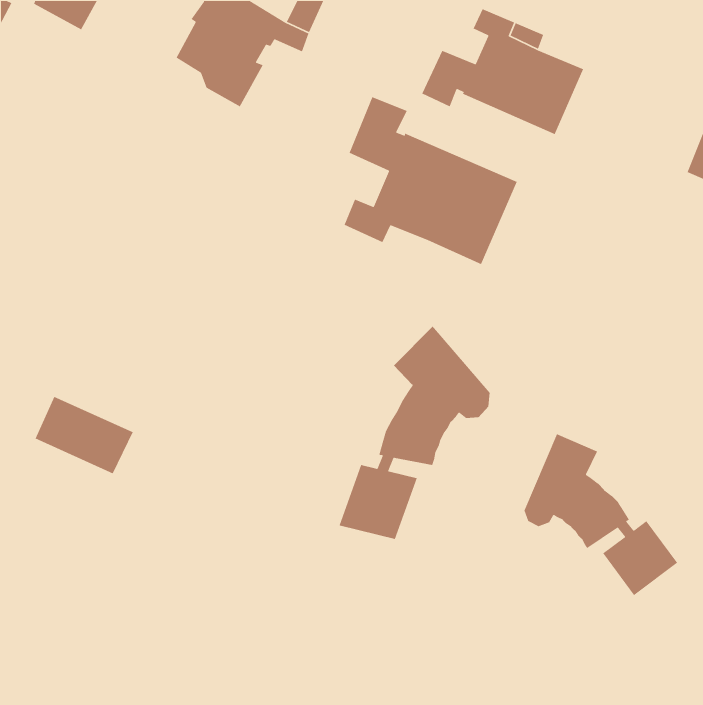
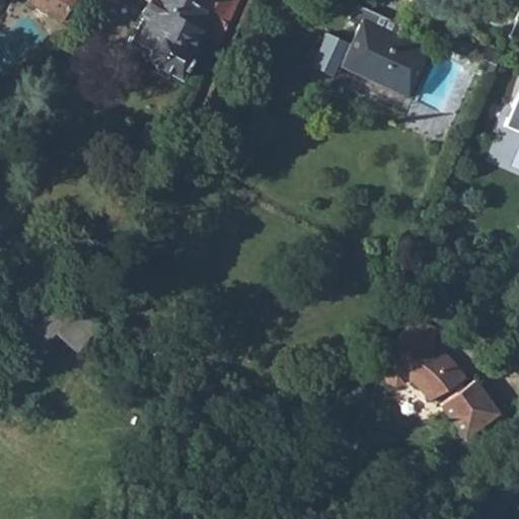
building: [344,96,518,265] -> none
building: [338,326,491,540] -> none

